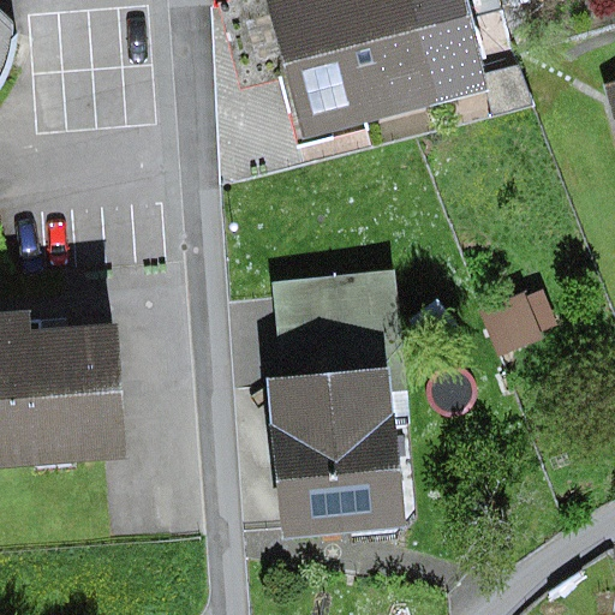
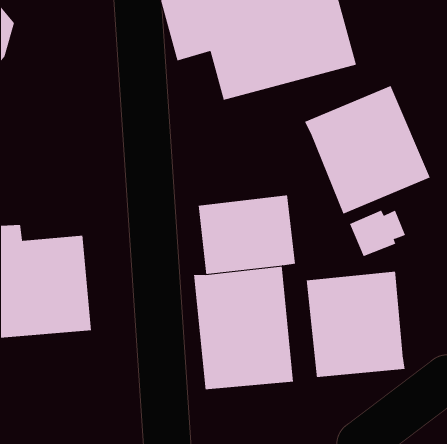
building: none -> [304,85,431,215]
building: none -> [306,271,405,378]

